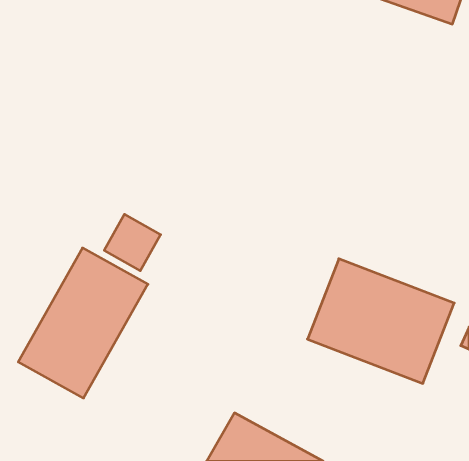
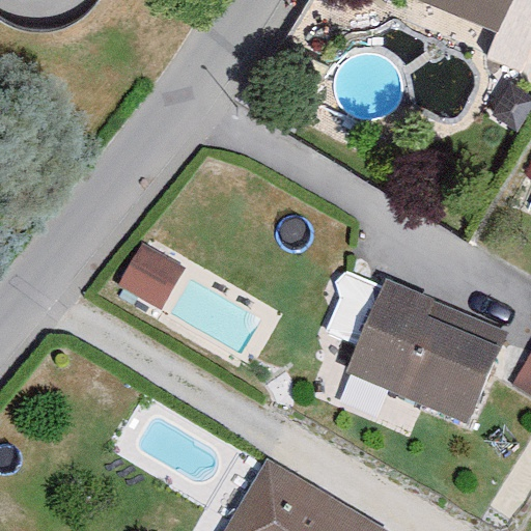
building: [18,248,148,398] -> none

